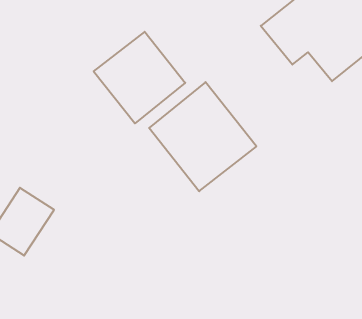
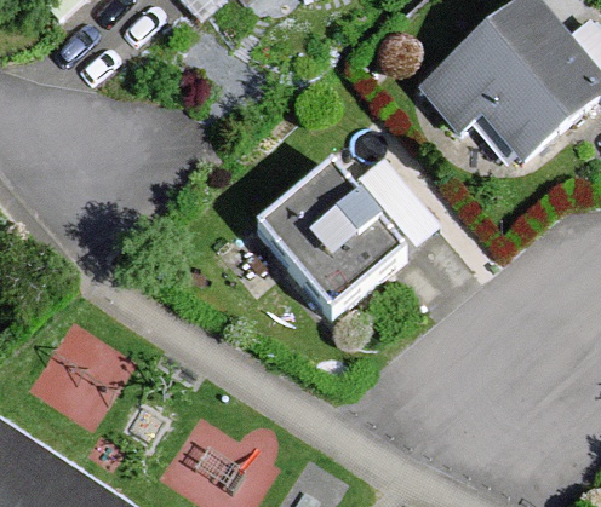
building: [94,32,185,123] -> none

